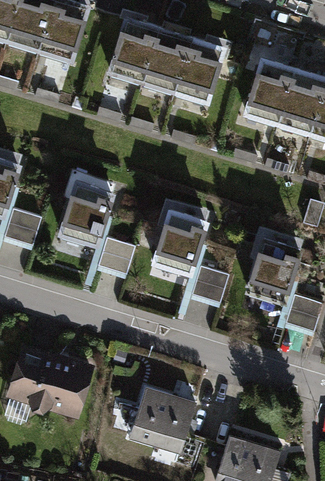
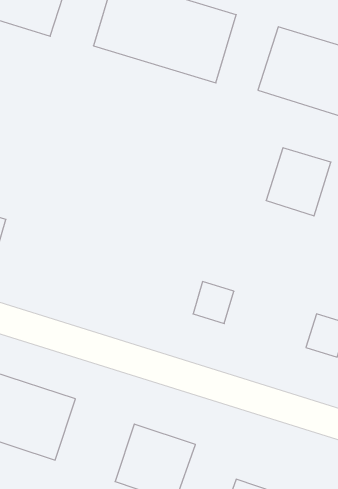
building: [59,184,113,241] -> none
building: [155,210,210,267] -> none
building: [97,238,132,273] -> none
building: [251,238,305,295] -> [266,148,331,216]

